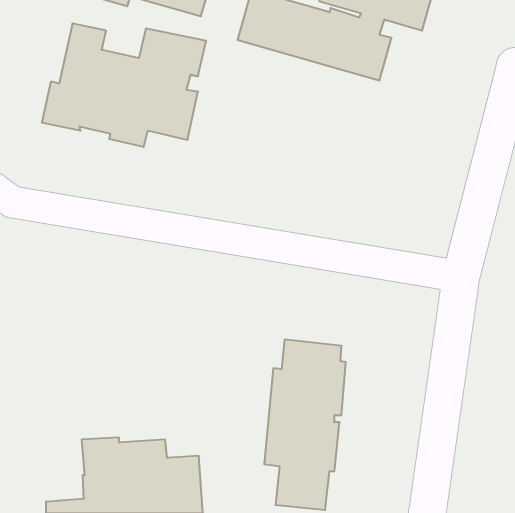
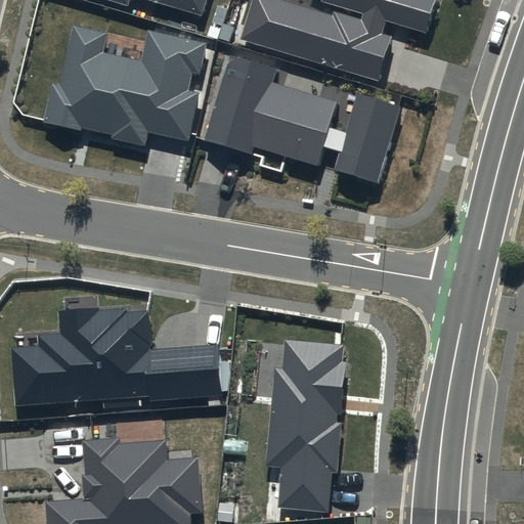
building: none -> [203,55,398,183]
building: none -> [11,309,221,406]

